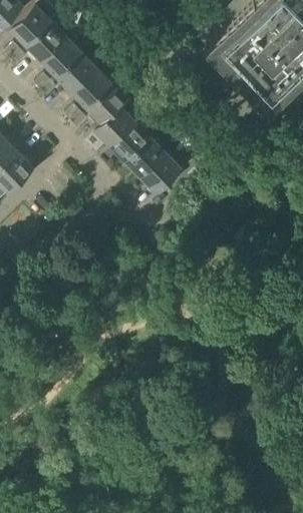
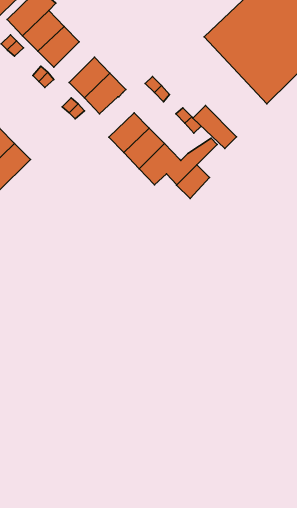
building: [55,51,95,91] -> none
building: [93,98,140,145] -> none
building: none -> [193,105,237,148]
building: none -> [177,165,209,199]

